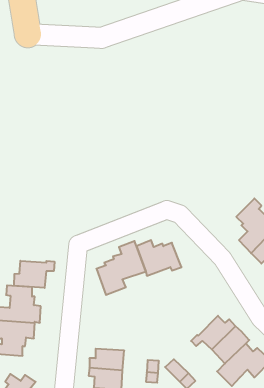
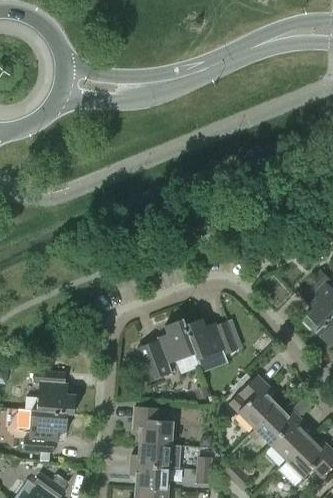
building: [14,261,54,288] -> none
building: none -> [230,375,279,428]
building: none -> [133,406,173,445]

